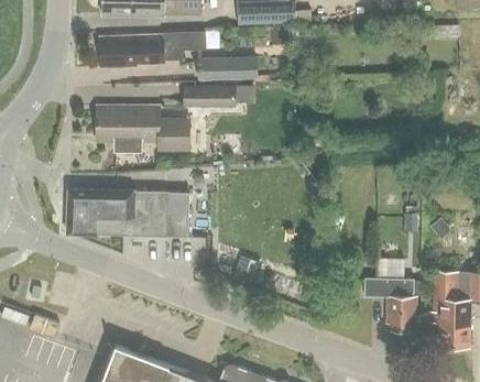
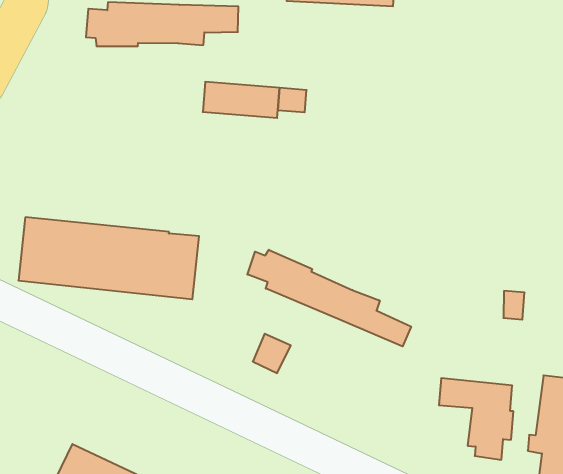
building: [198,57,258,80] -> none
building: [96,105,189,152] -> none
building: none -> [247,250,411,346]

